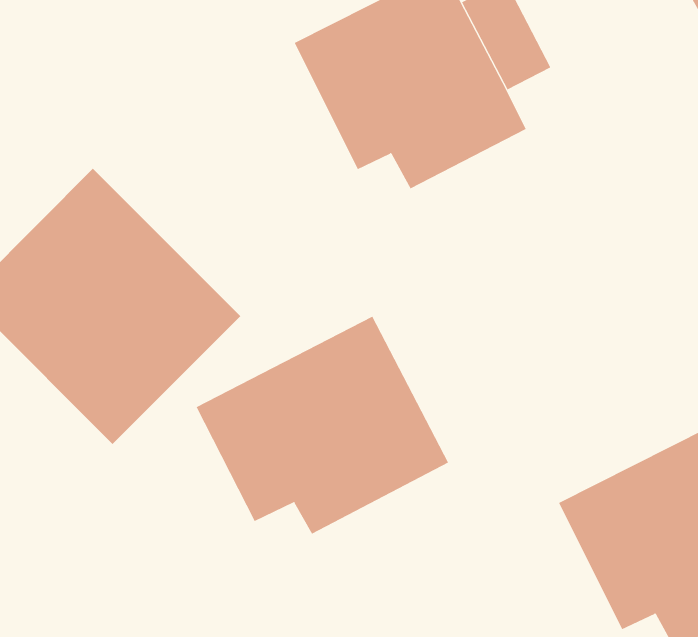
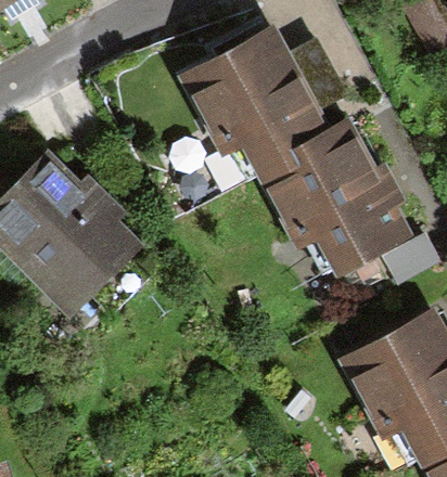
building: none -> [253,117,403,267]
building: [196,316,449,535] -> none

